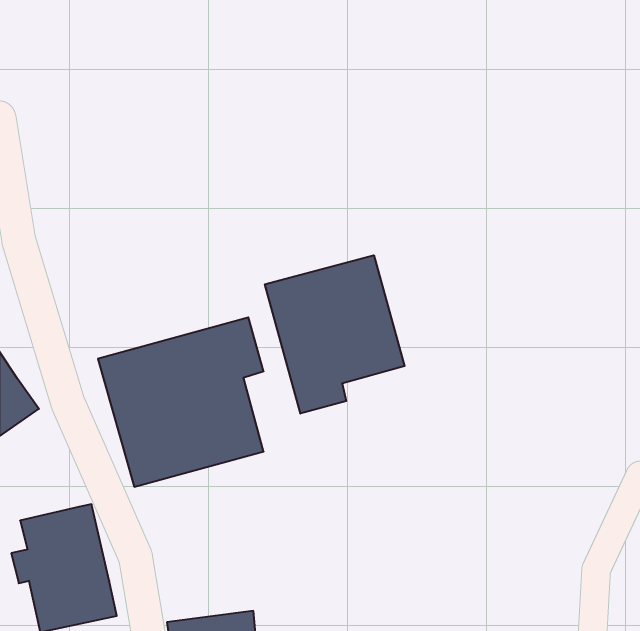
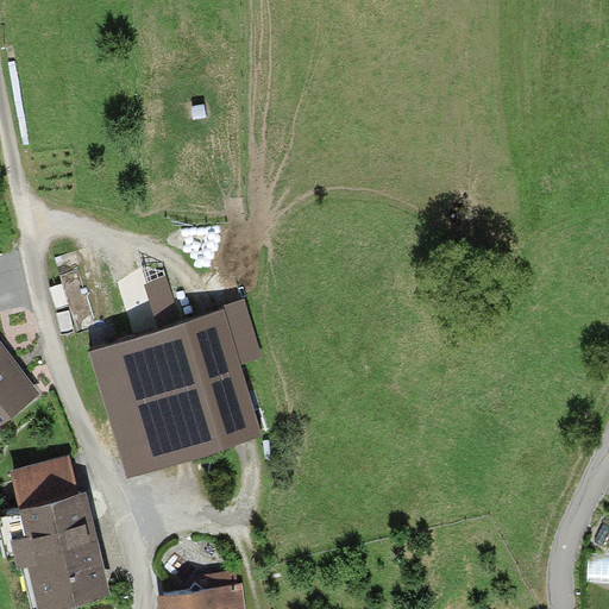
building: [265,255,405,414] -> none
building: none -> [12,459,75,503]

